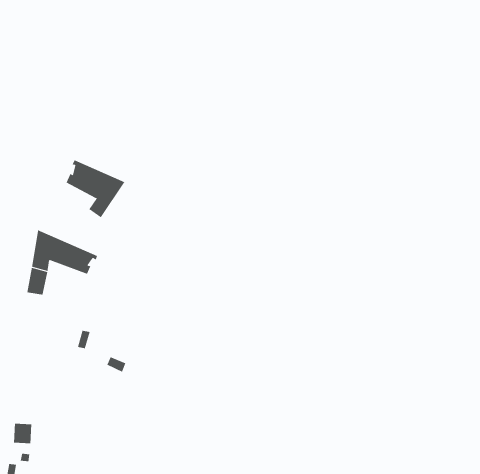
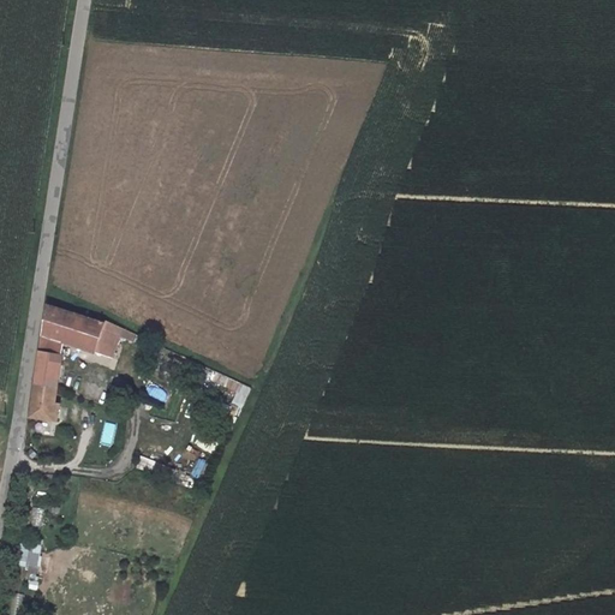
building: [66,160,125,218] -> none
building: none -> [28,382,59,418]

